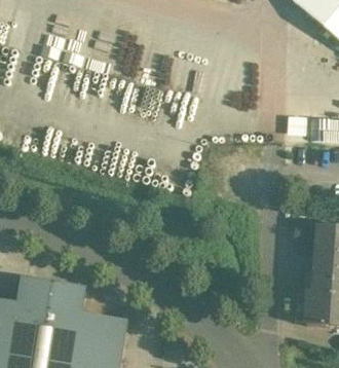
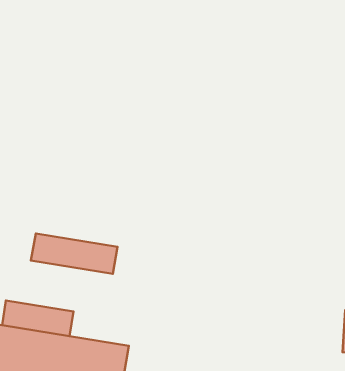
building: none -> [31,233,118,274]

